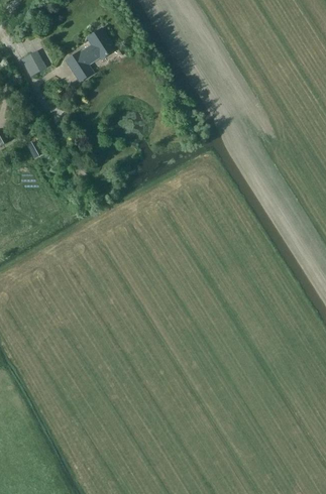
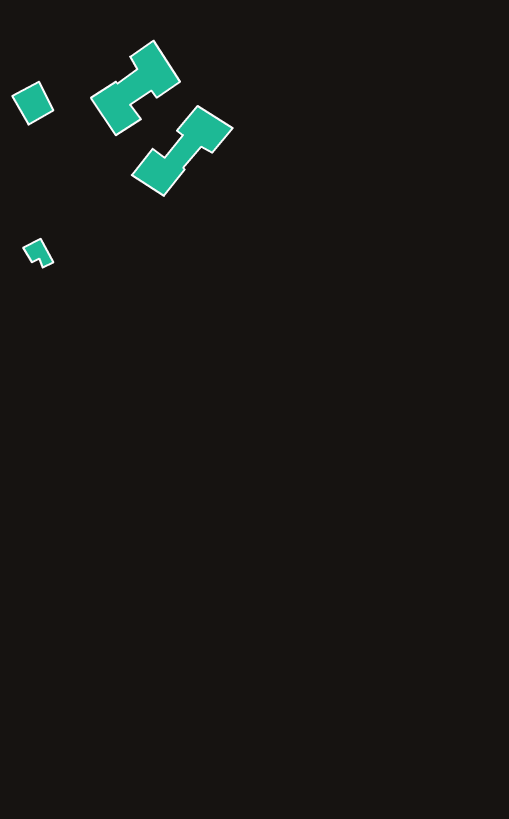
building: none -> [132,106,233,196]

